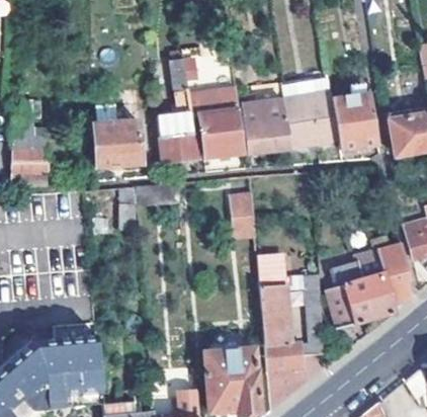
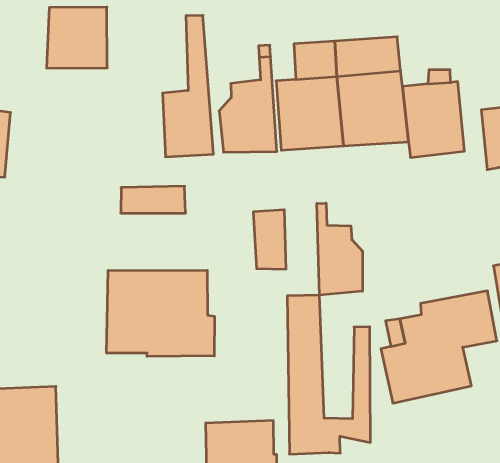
building: [97,120,142,167] -> [47,7,107,68]
building: none -> [317,203,363,295]
building: none -> [107,270,214,356]

